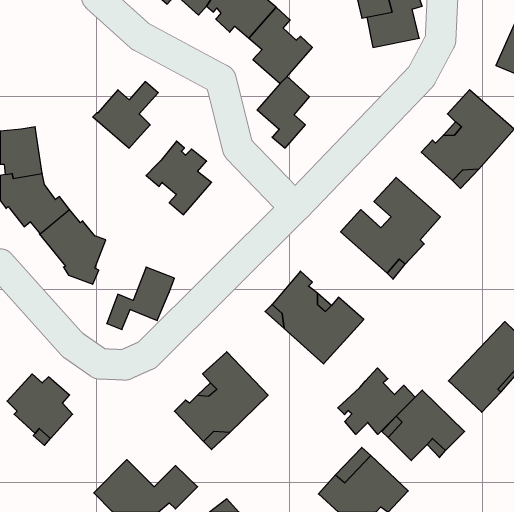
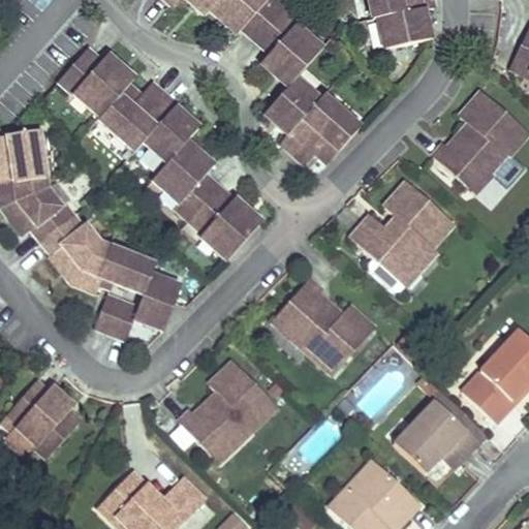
building: none -> [59,48,132,116]
building: none -> [142,95,197,164]
building: none -> [293,95,359,163]
building: none -> [189,187,258,260]
building: none -> [94,246,154,332]
building: [338,368,415,434] -> none

